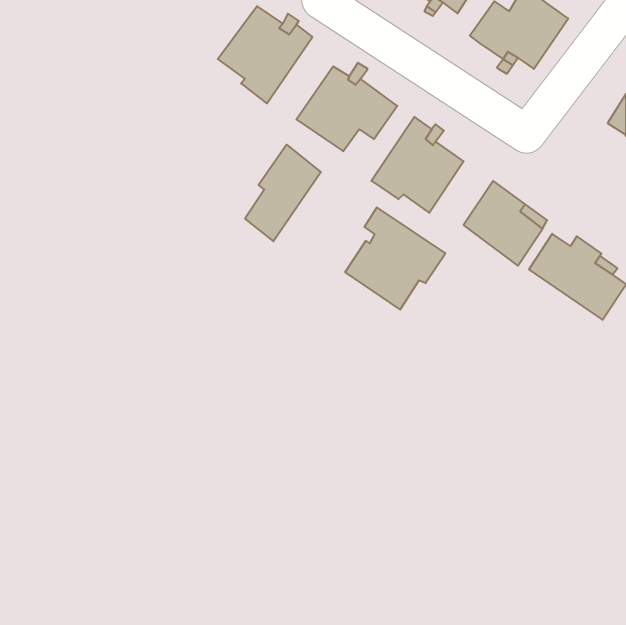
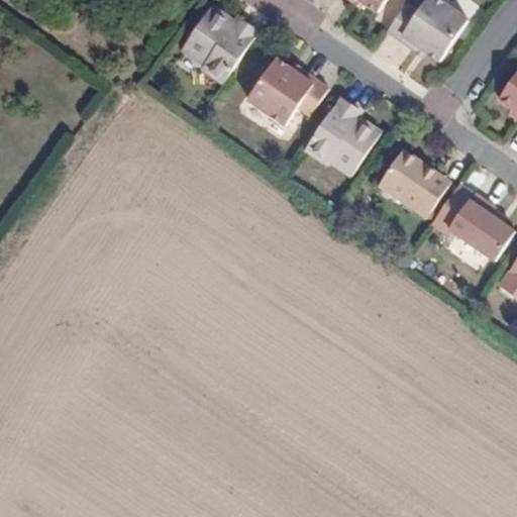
building: [245,145,321,241] -> none
building: [345,207,445,310] -> none

